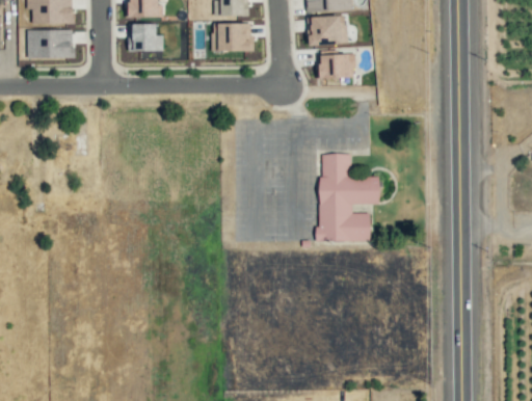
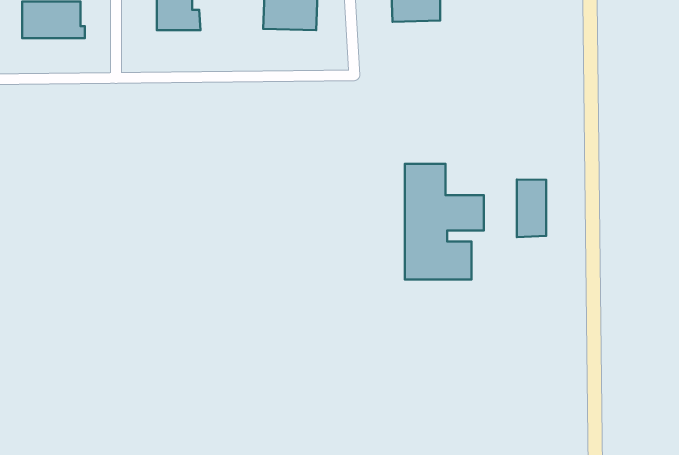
building: [319,54,355,79] -> none
building: none -> [517,180,546,237]

